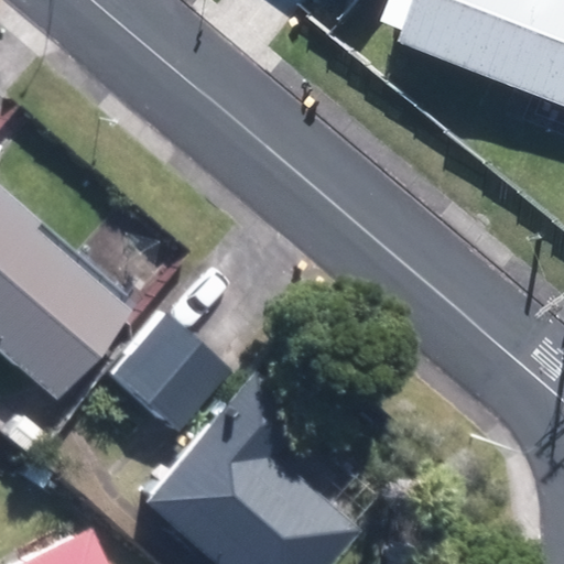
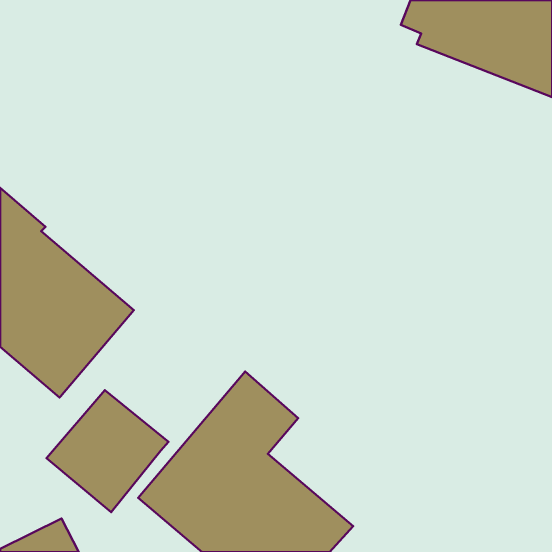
building: [108,314,232,438] -> [46,390,169,512]

